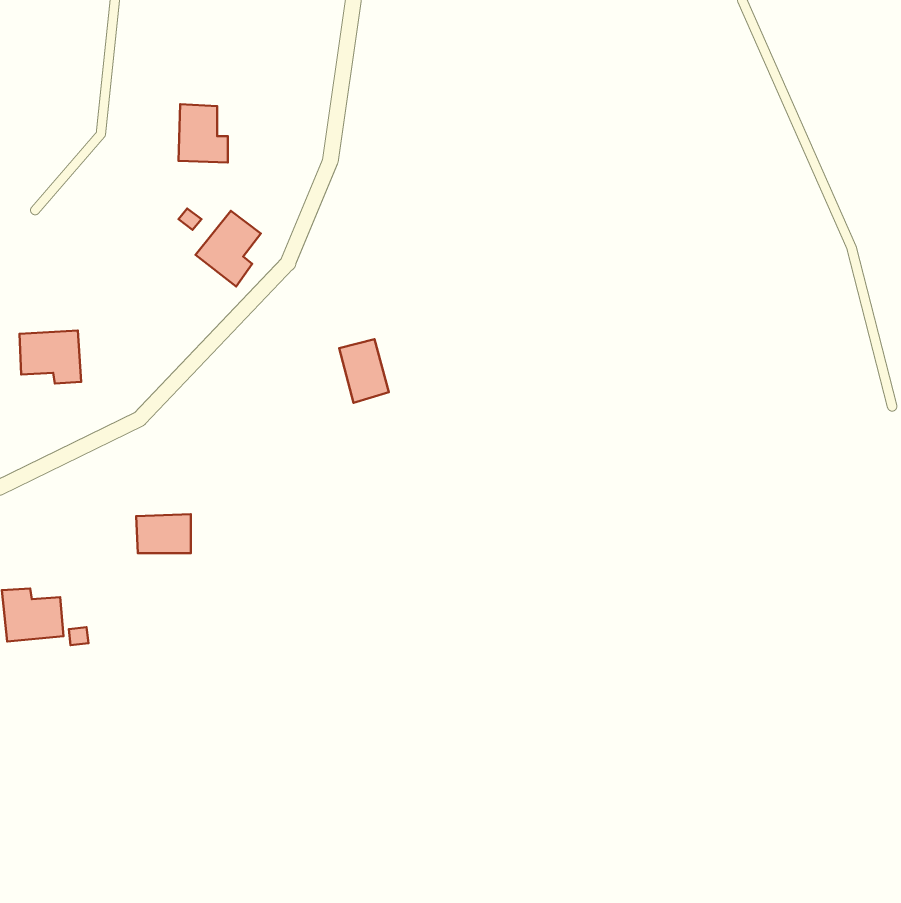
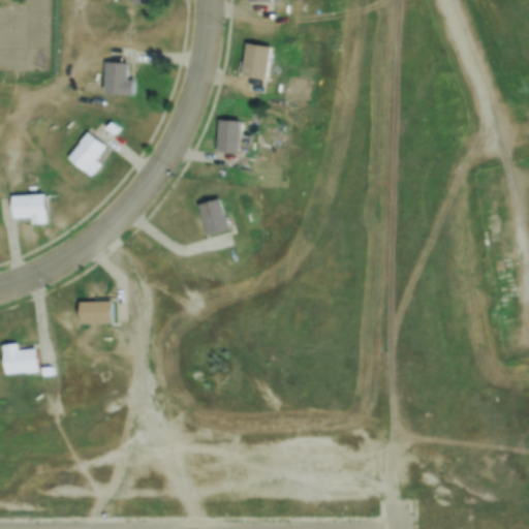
building: none -> [242,43,271,77]
building: none -> [218,120,240,152]
building: [196,211,261,287] -> [67,132,105,177]

